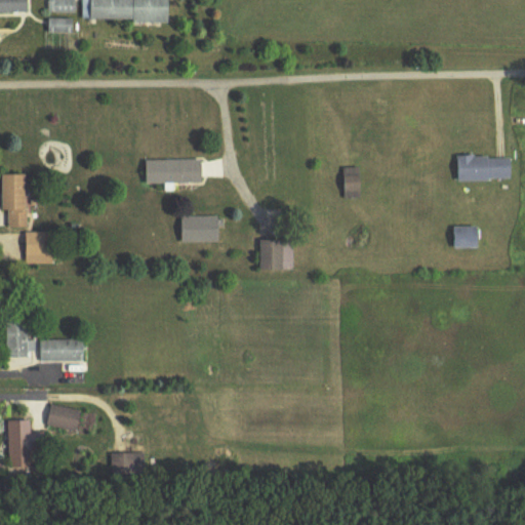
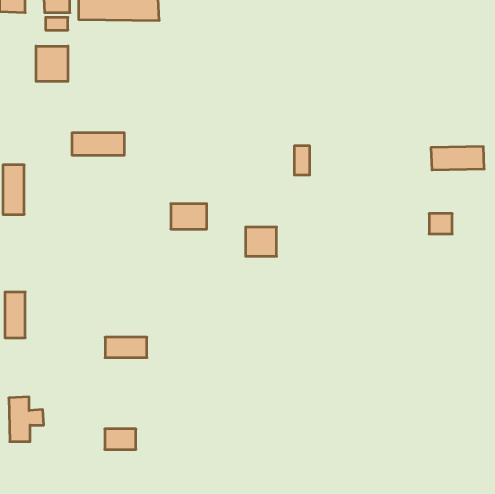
building: none -> [36,46,68,81]
building: [146,159,201,183] -> [72,133,124,155]
building: [344,167,360,198] -> [294,146,310,175]
building: [26,233,52,254] -> none
building: [39,339,83,361] -> [105,337,147,358]
building: [46,404,81,433] -> none

